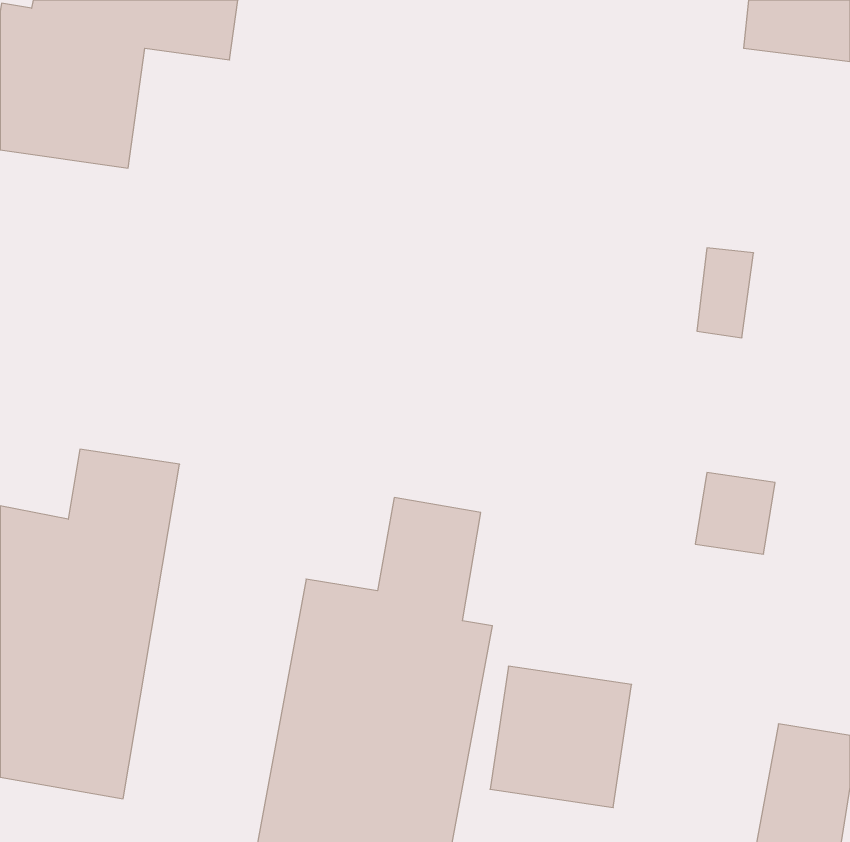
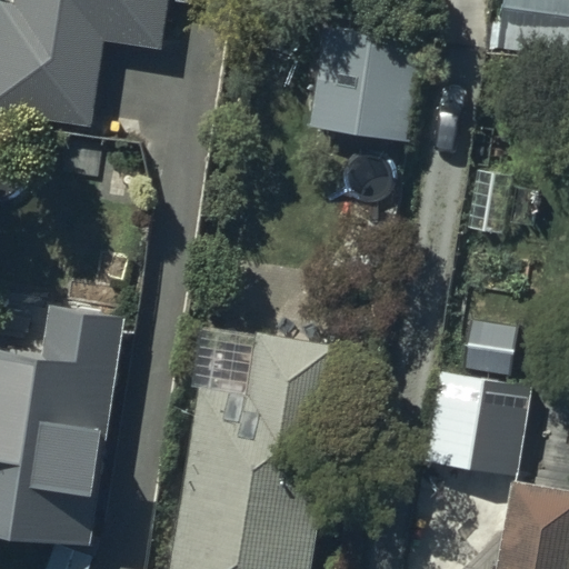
building: none -> [307,26,418,134]
building: [490,666,632,808] -> [427,375,521,469]

